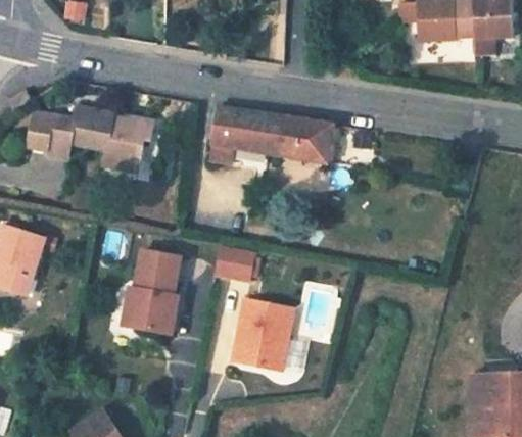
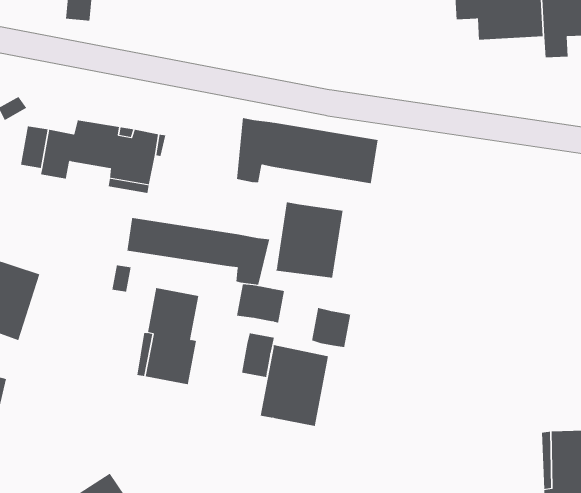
building: none -> [275,202,343,279]
building: none -> [127,217,270,286]
building: none -> [312,307,351,348]
building: none -> [241,332,275,378]

